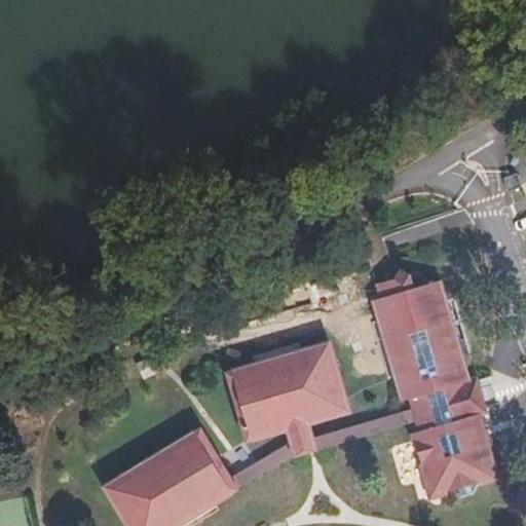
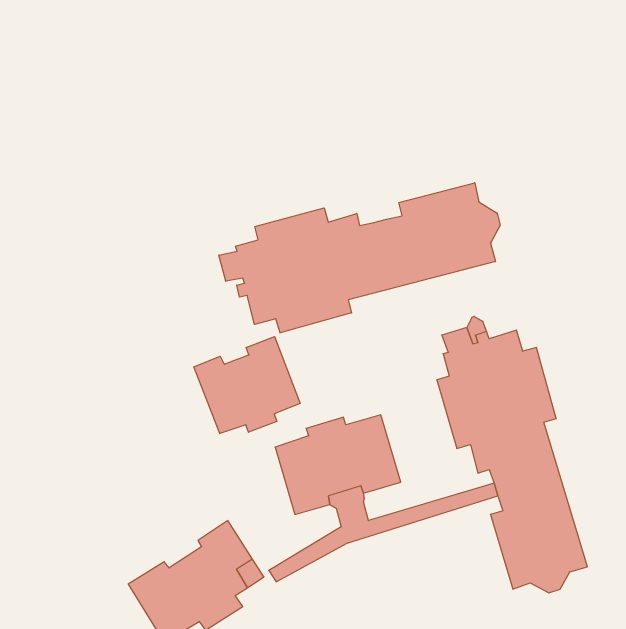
building: none -> [219,183,500,333]
building: none -> [194,337,300,434]

